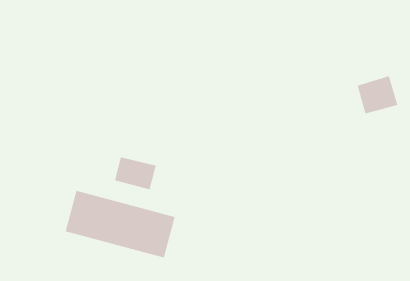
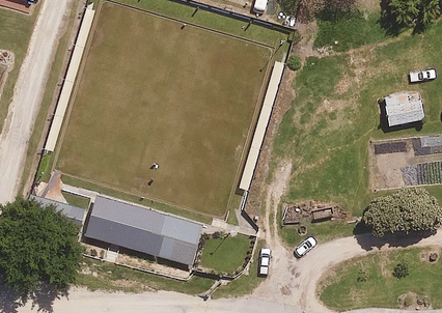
building: [115,157,157,190] -> none

